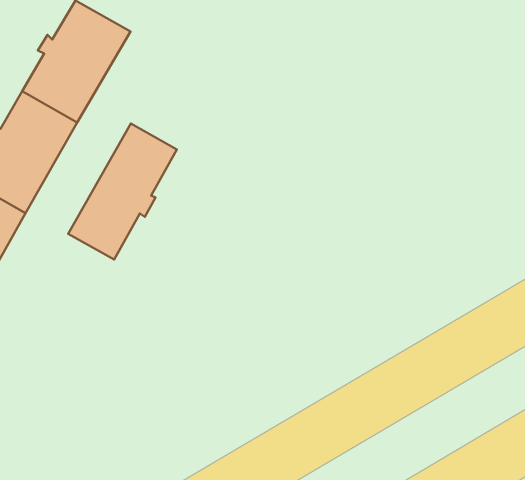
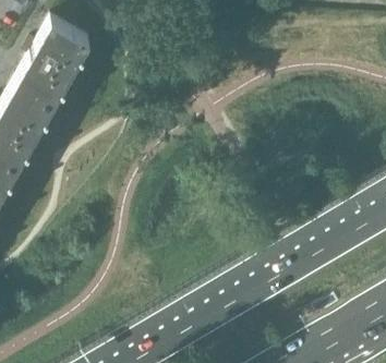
building: [68,124,177,260] -> none

